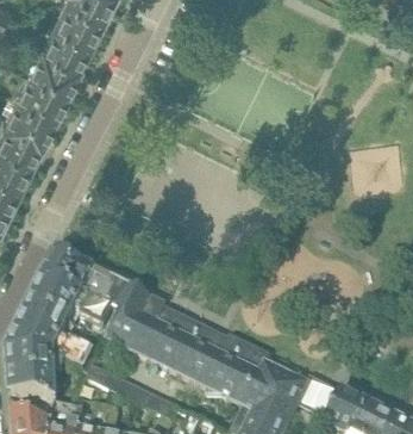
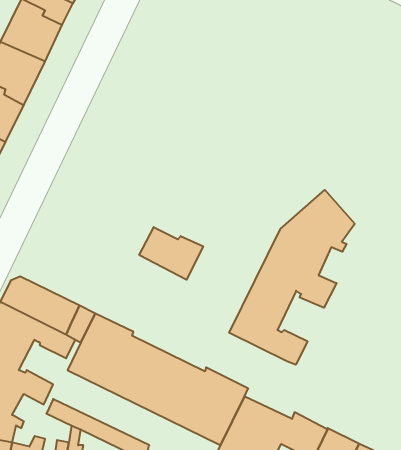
building: none -> [229,190,355,365]
building: none -> [139,227,203,280]

